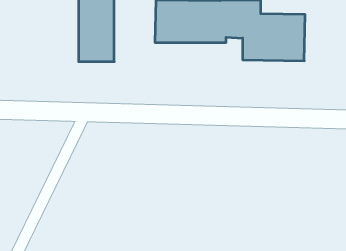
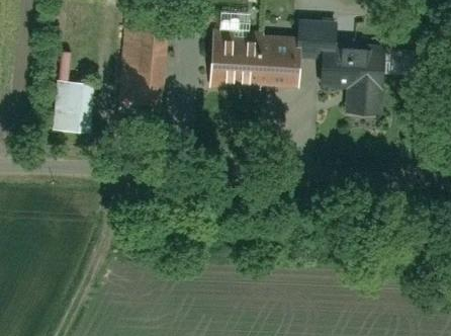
building: none -> [56,78,91,130]

